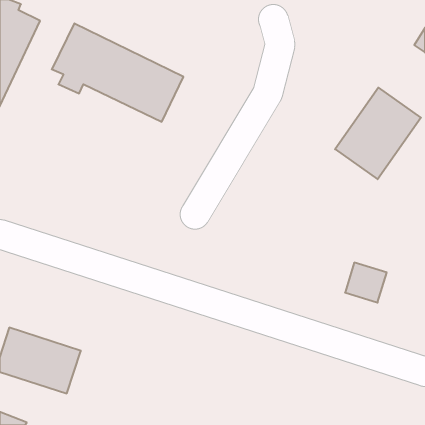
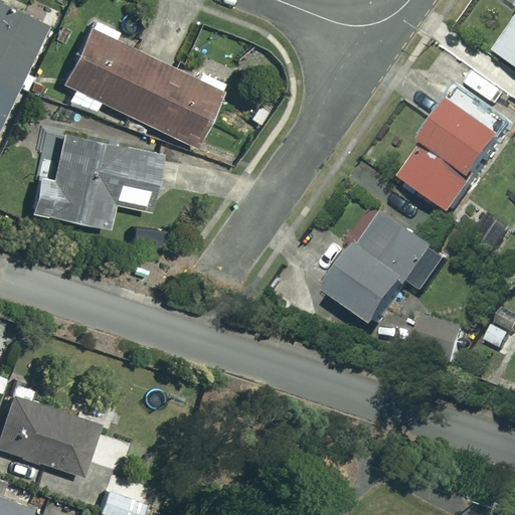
building: none -> [31,133,158,228]
building: none -> [327,217,438,330]

